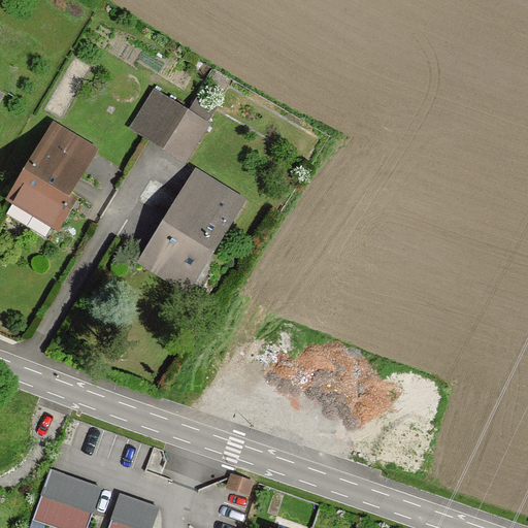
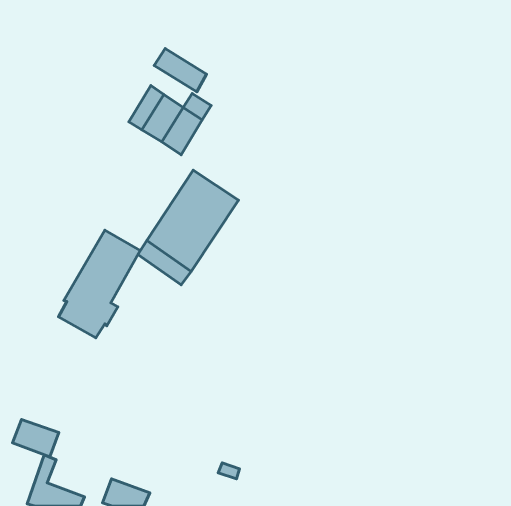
building: none -> [154,48,207,92]
building: [8,125,92,235] -> [59,230,140,338]
building: [48,471,96,509] -> [12,420,59,457]

